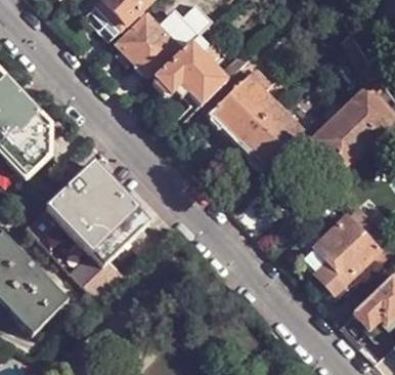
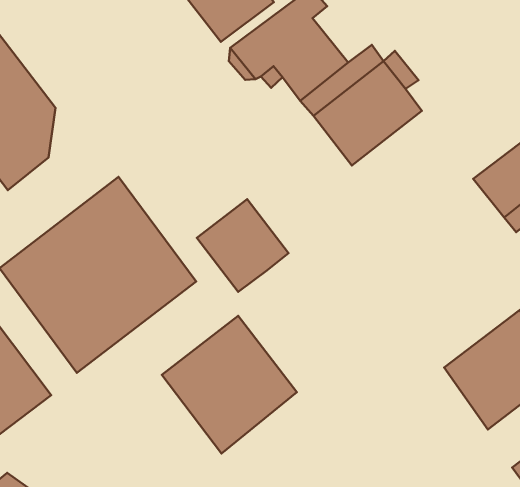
building: [235,101,302,167] -> none
building: none -> [197,199,288,292]
building: none -> [162,316,297,453]

